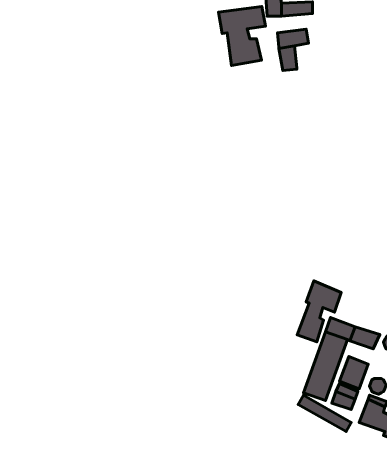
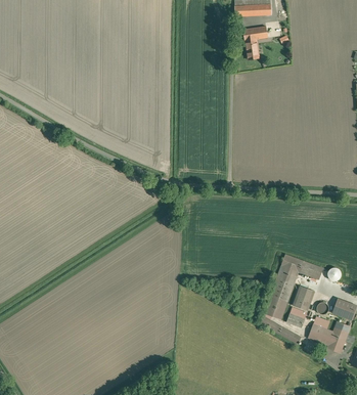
building: [219,7,266,65] -> none
building: [297,281,341,342] -> none

